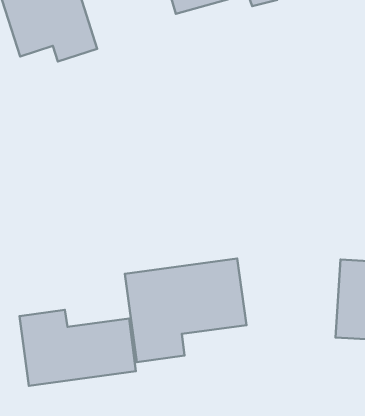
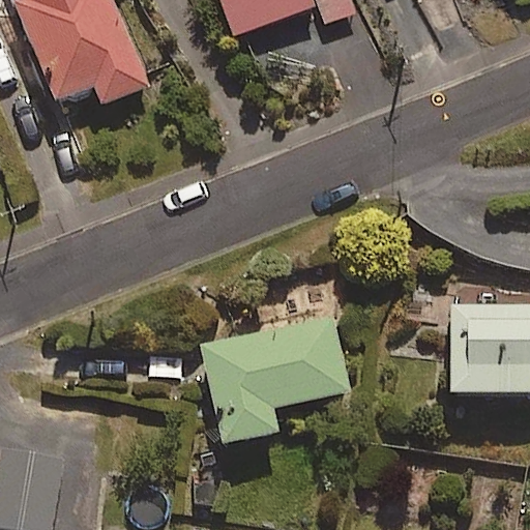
building: [19,310,136,386] -> none

